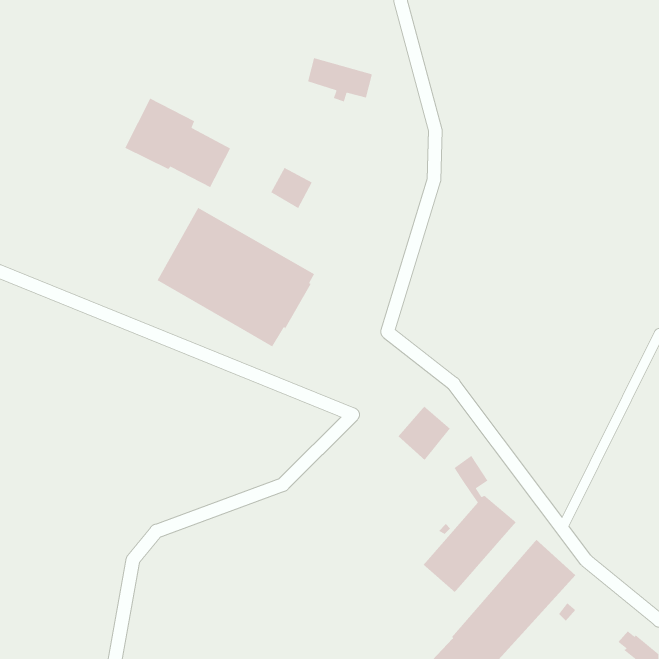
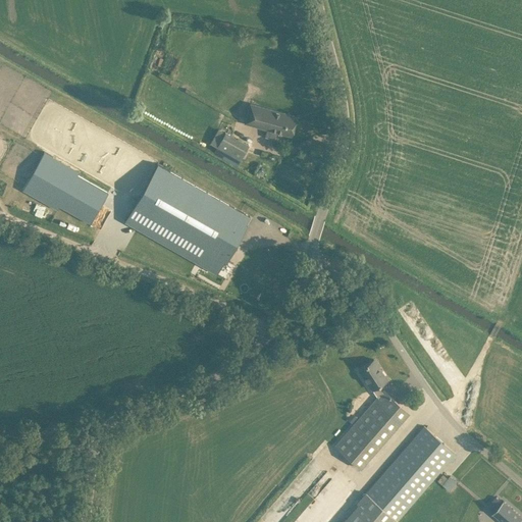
building: [307,57,373,102] -> [244,104,296,140]
building: [124,98,231,188] -> [21,152,106,223]
building: [397,405,451,461] -> none

